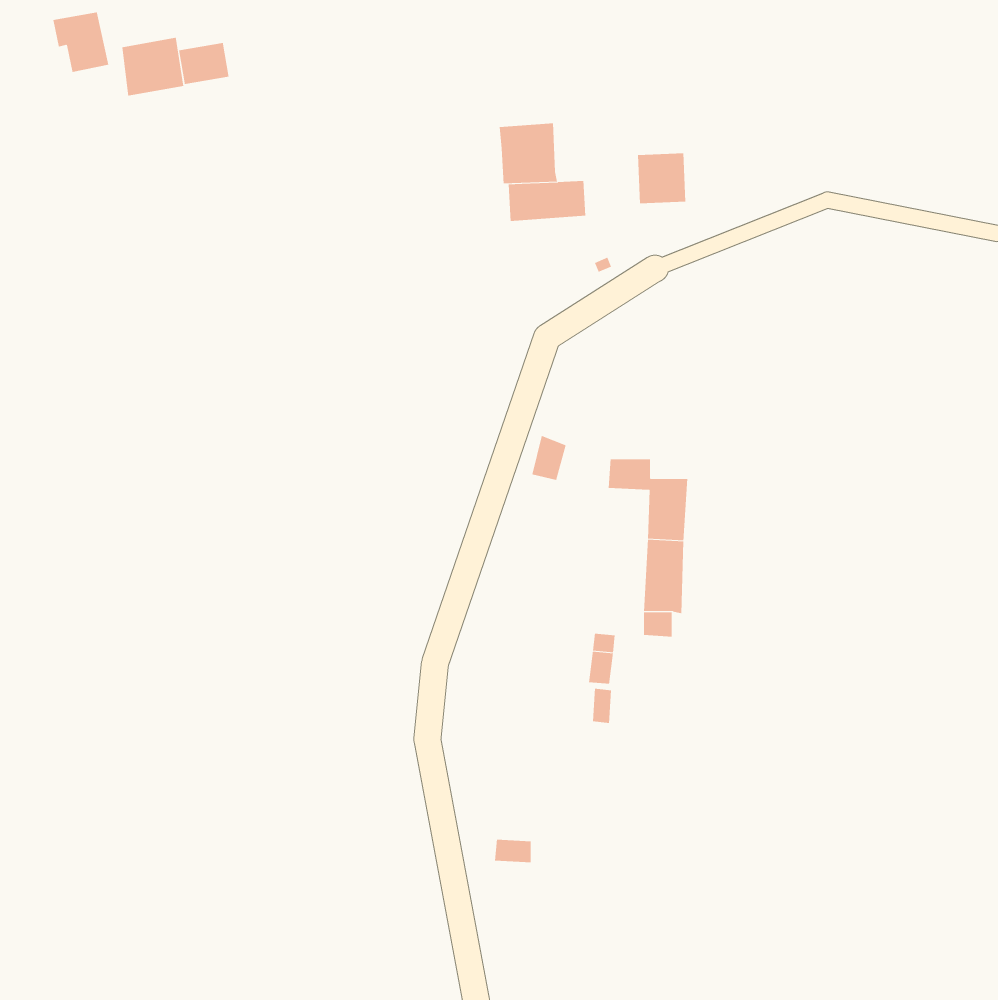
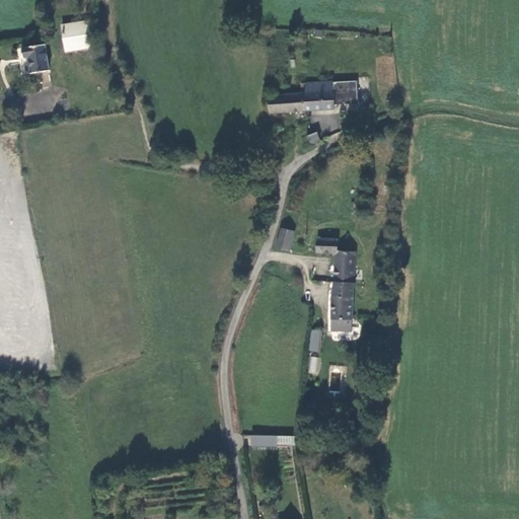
building: [52,12,109,73] -> [19,45,49,76]
building: [178,42,229,85] -> none
building: [499,123,558,184] -> [301,81,331,113]

